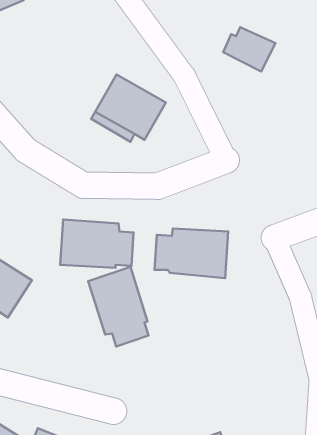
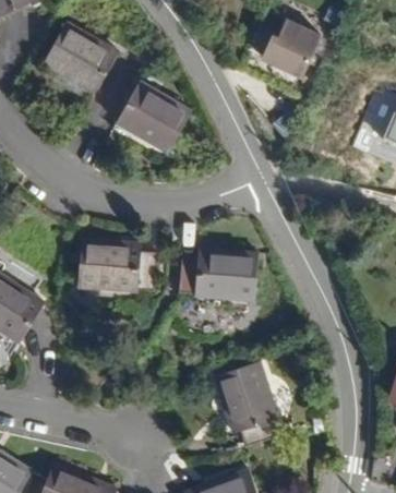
building: none -> [40,22,119,94]
building: [88,267,148,347] -> [215,360,280,446]

